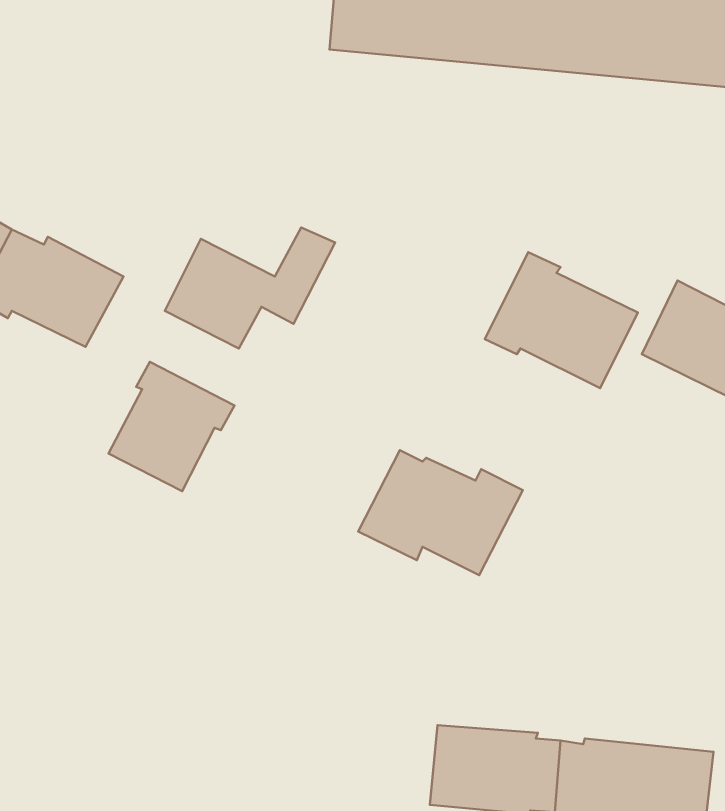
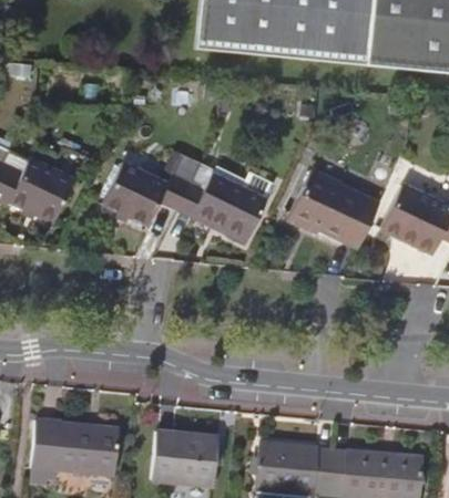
building: [109,362,235,491] -> none
building: [358,450,523,575] -> [176,162,273,235]
building: none -> [30,422,119,477]
building: none -> [152,434,217,486]

